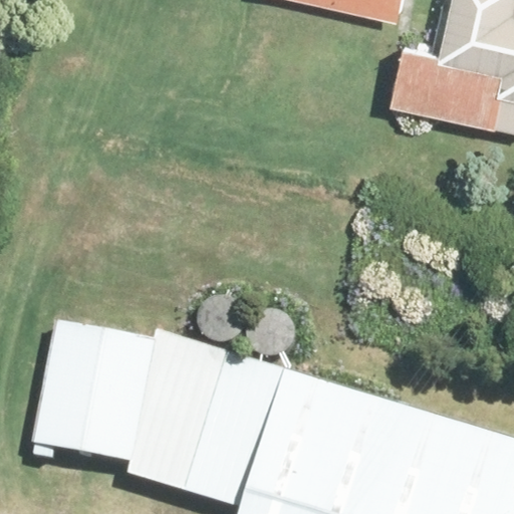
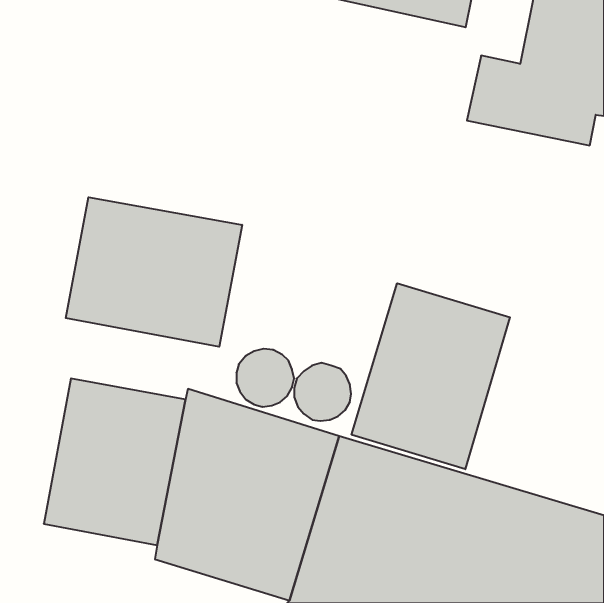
building: none -> [66,197,242,347]
building: none -> [352,283,510,469]

